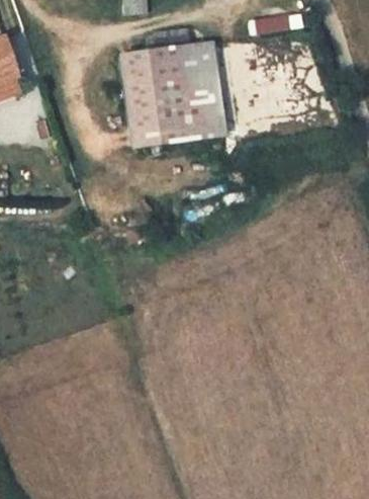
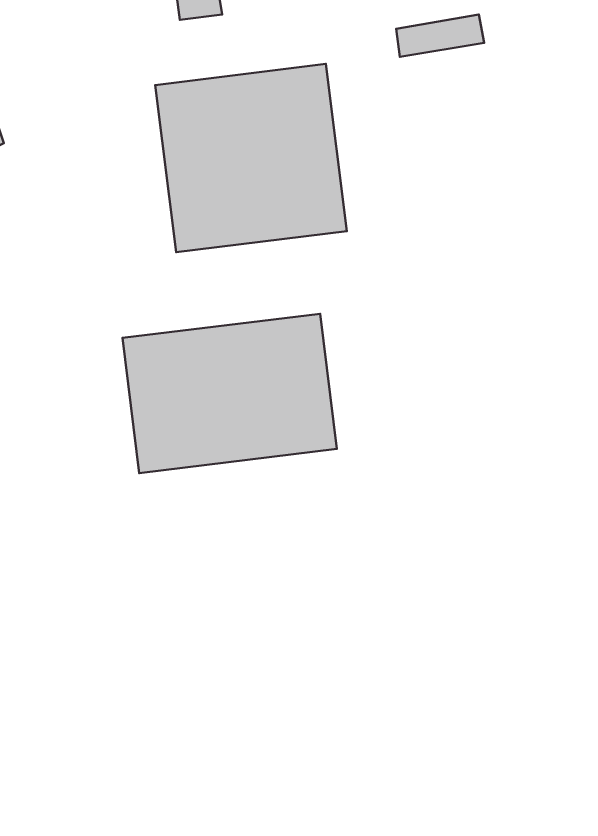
building: none -> [123,314,337,473]

